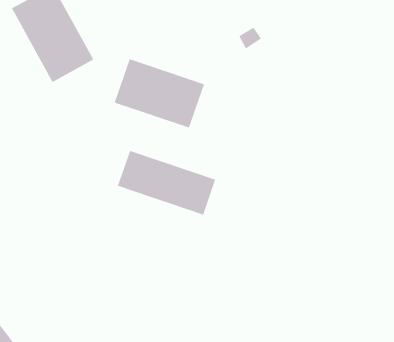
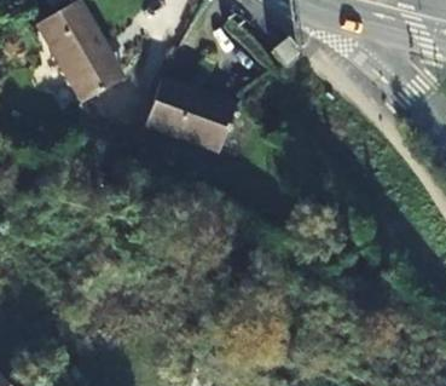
building: [117,150,216,215] -> none

